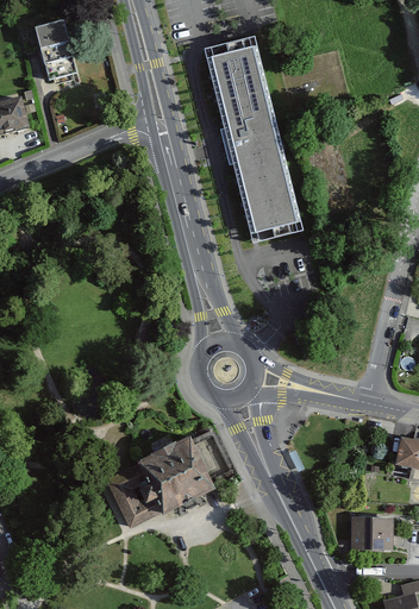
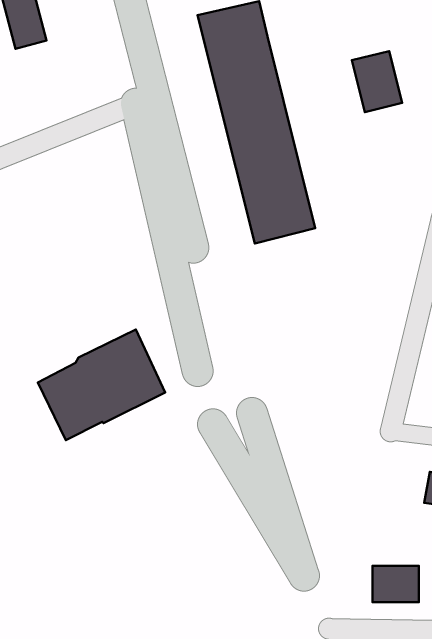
building: none -> [352,51,402,112]
building: [107,435,215,529] -> [38,329,165,440]

